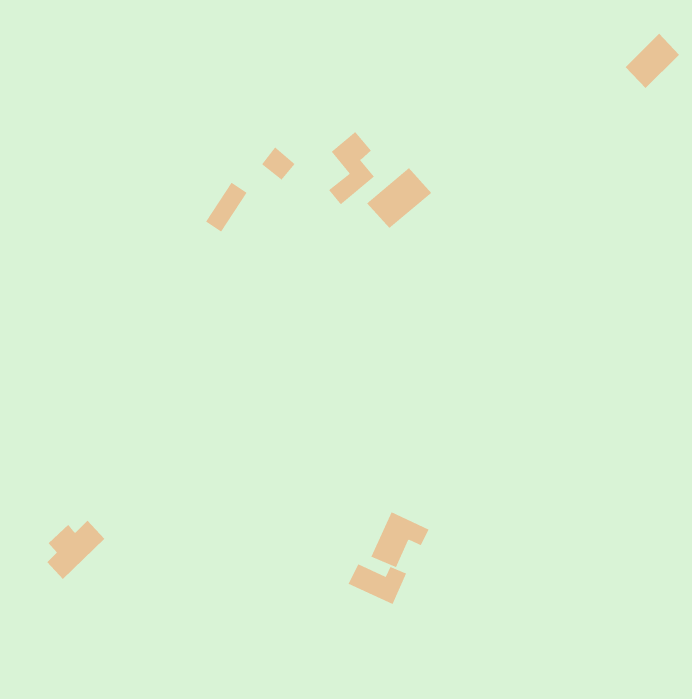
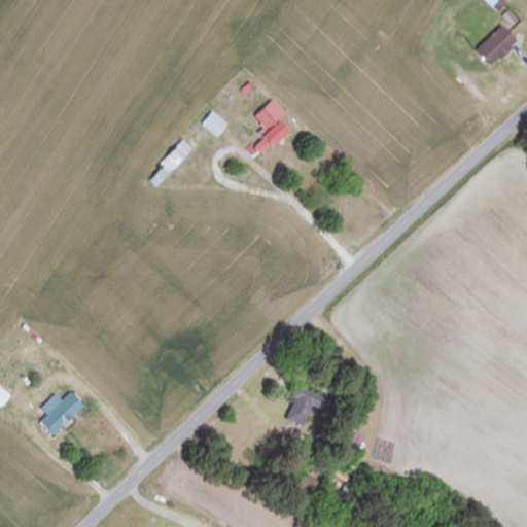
building: [366,167,432,229] -> none
building: [348,564,407,605] -> none

